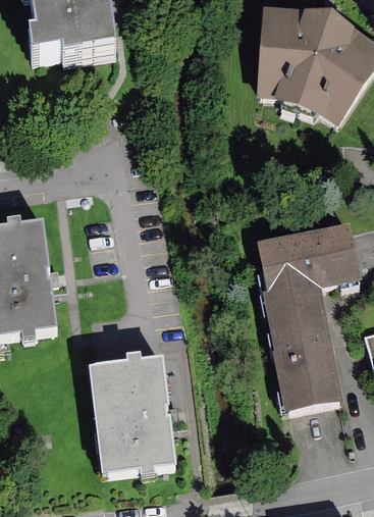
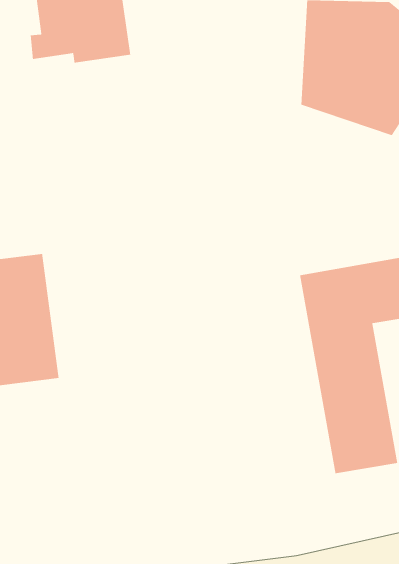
building: [91,359,176,472] -> none

